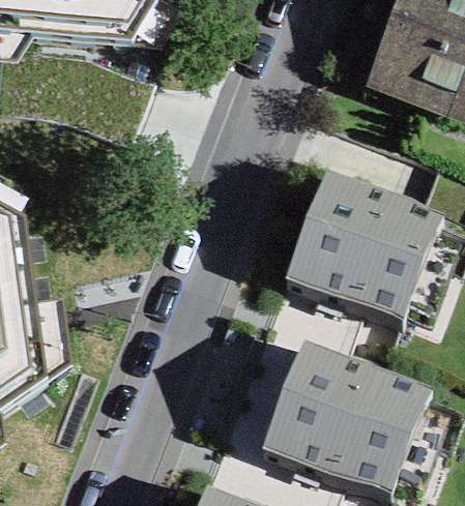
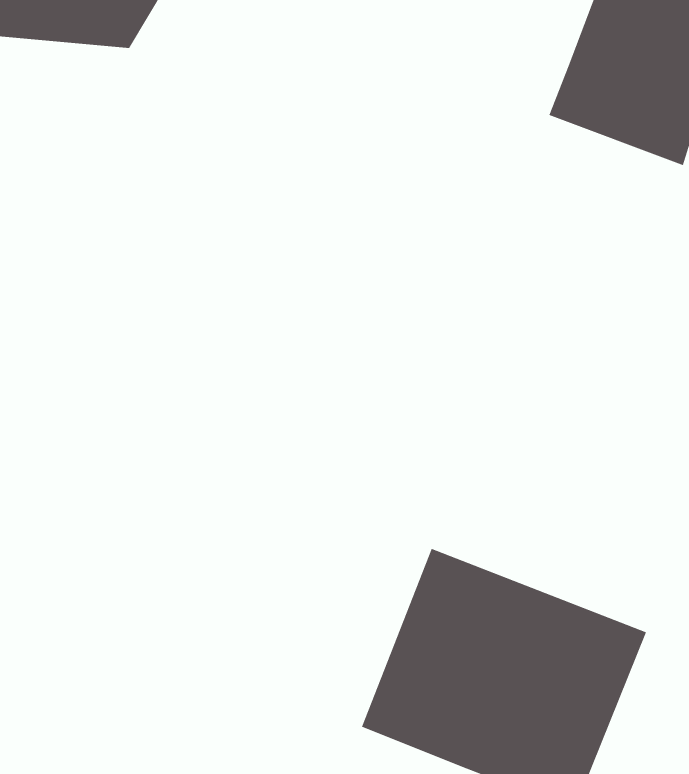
building: [282,170,438,319] -> none

